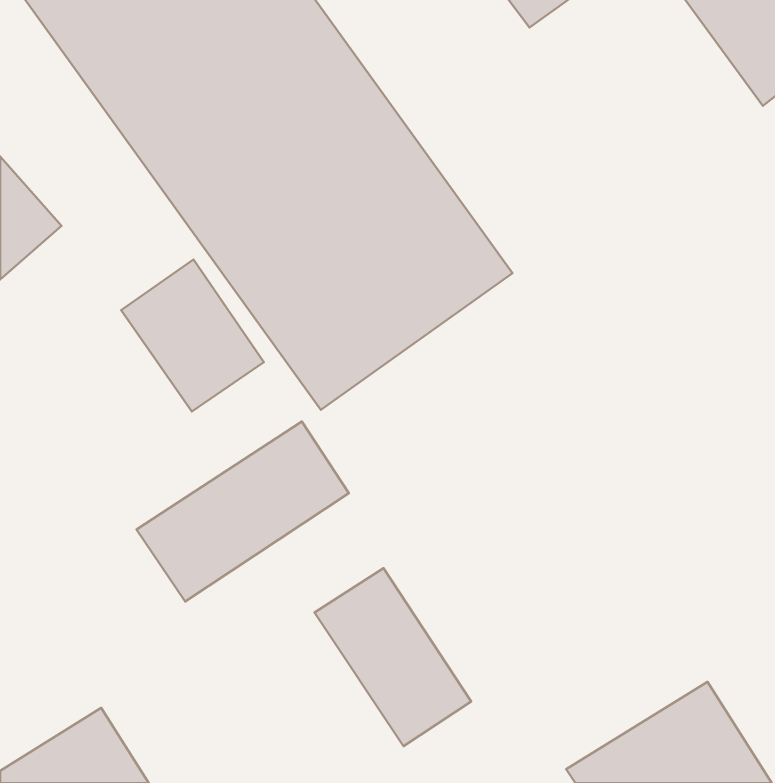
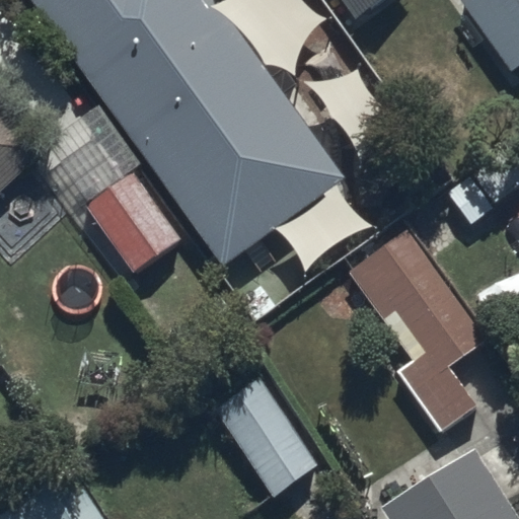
building: none -> [350,230,487,430]
building: [137,422,349,602] -> none

